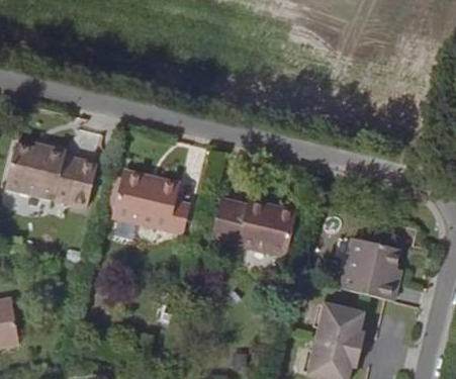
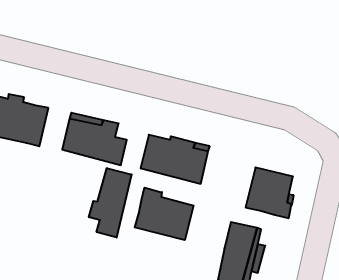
building: none -> [89,168,132,238]
building: none -> [135,188,194,240]

